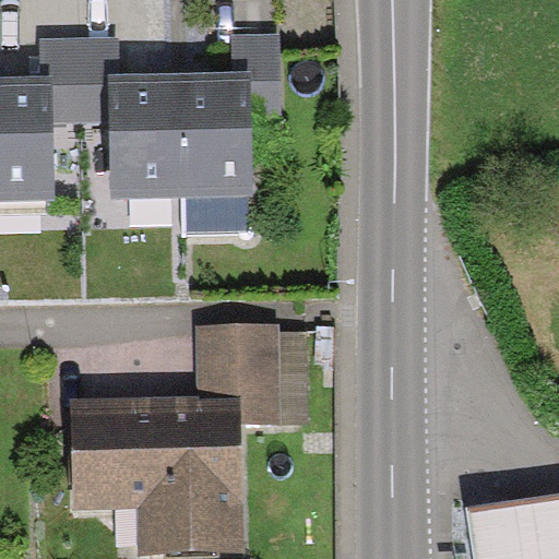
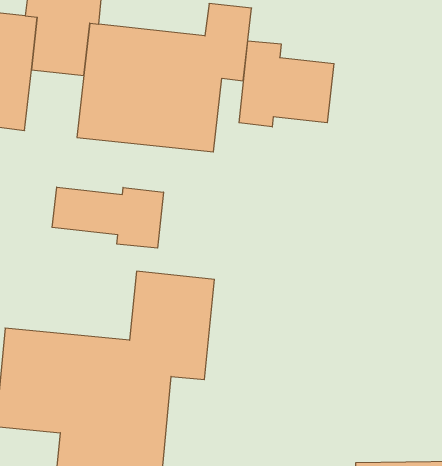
building: none -> [239,41,334,127]
building: none -> [52,187,163,248]

